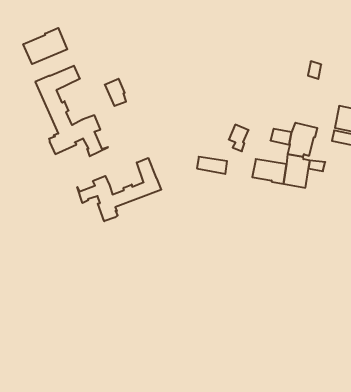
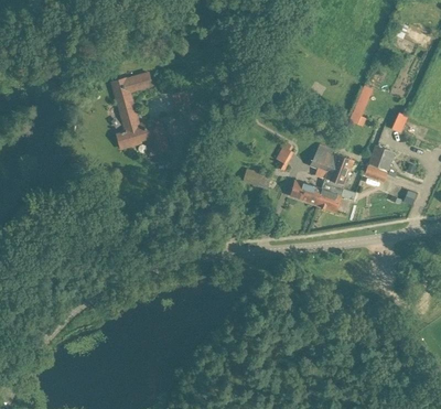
building: [23,28,67,64] -> none
building: [77,158,161,221] -> none

